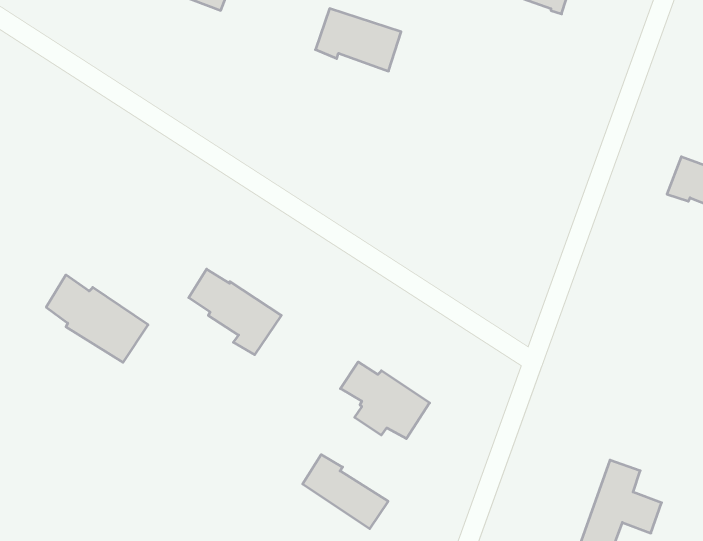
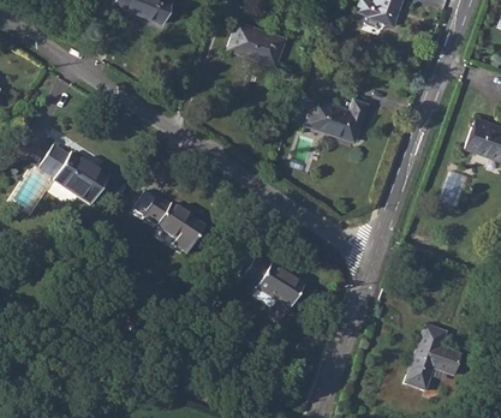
building: none -> [305,97,366,141]
building: [46,275,148,362] -> [40,147,108,205]
building: [303,455,388,529] -> none

